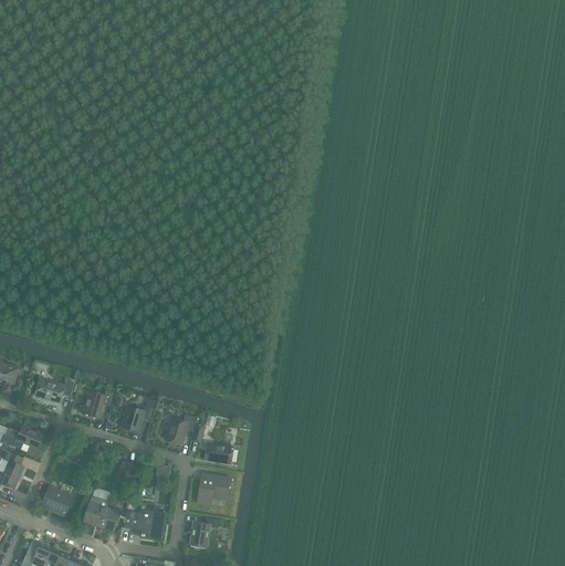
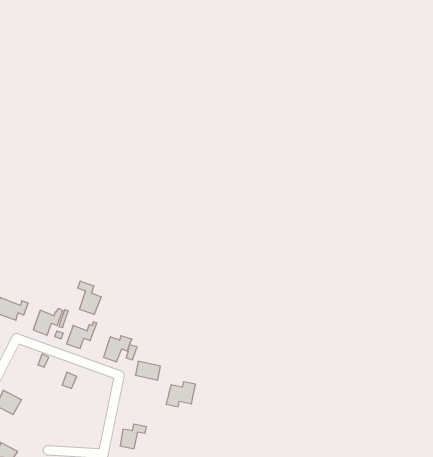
building: none -> [78,281,101,315]
building: [196,475,229,505] -> [166,382,196,407]
building: [84,495,119,531] -> none
building: [122,503,165,539] -> none

